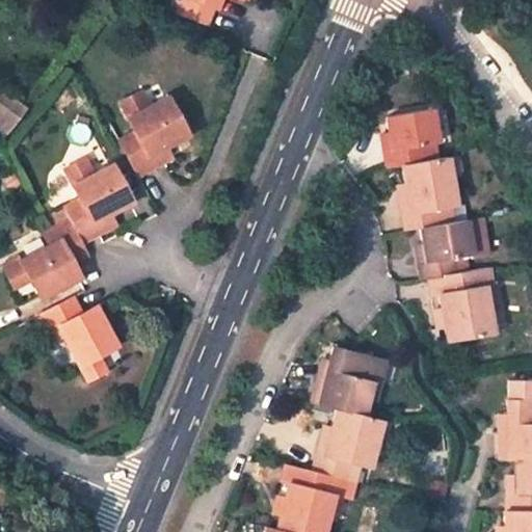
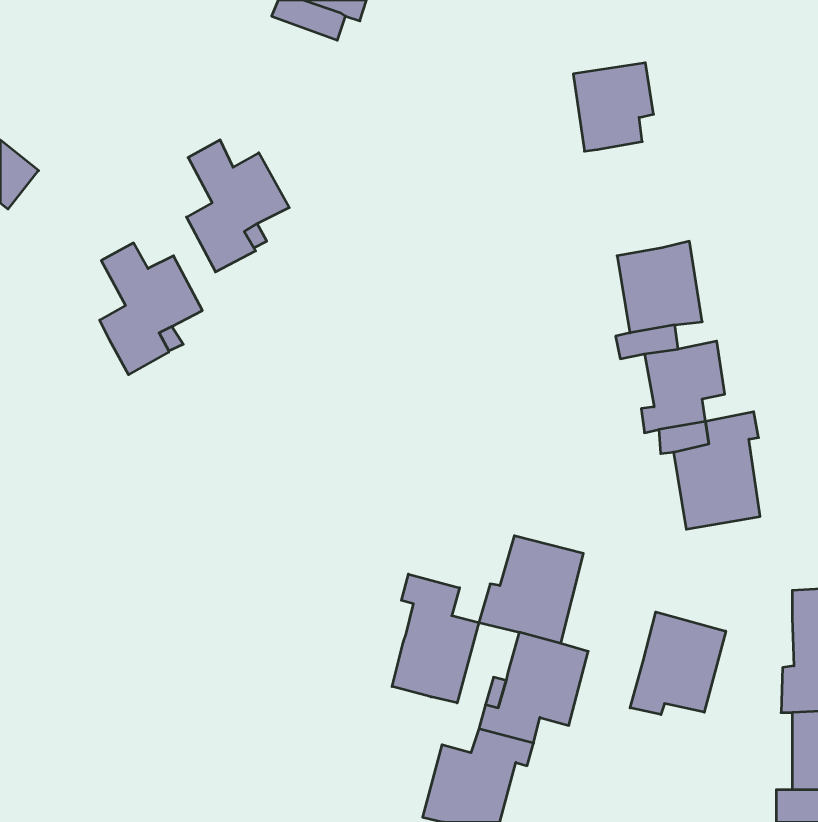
building: [385,109,437,166] -> [573,63,654,151]
building: [8,219,92,296] -> none
building: [42,297,117,379] -> none
building: none -> [392,574,479,703]
building: none -> [630,612,726,715]

